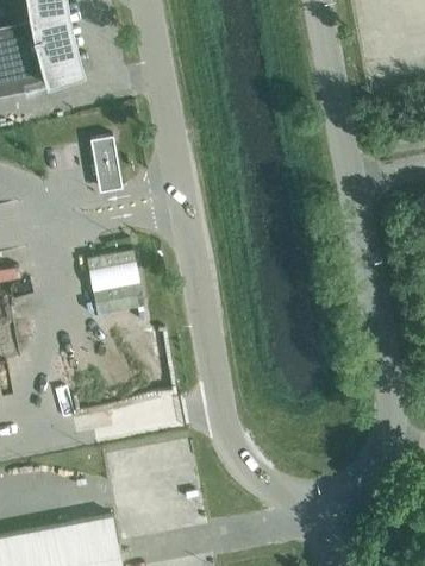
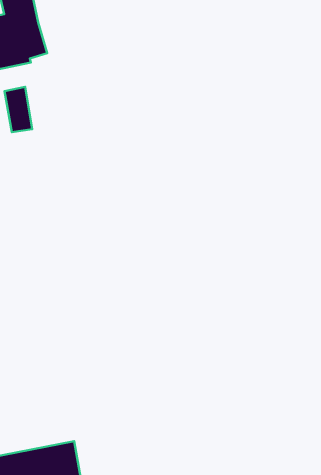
building: [89,137,121,189] -> [5,87,32,132]
building: [87,252,144,316] -> none

